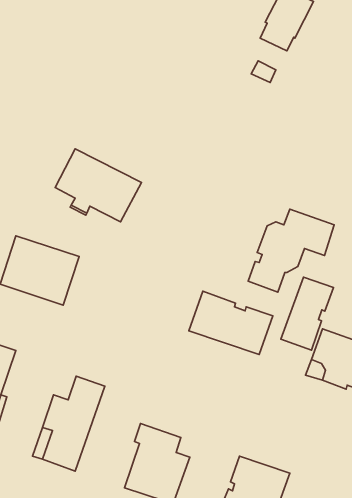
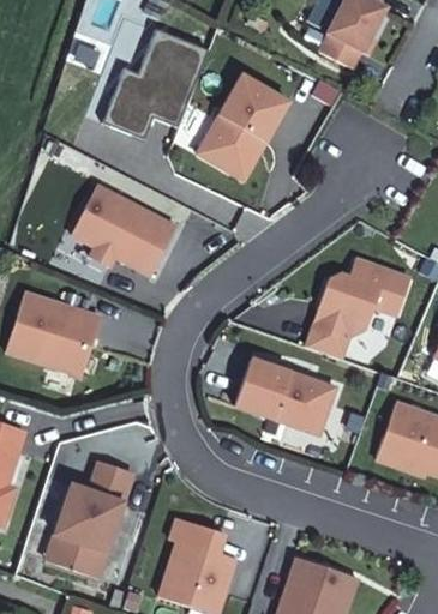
building: none -> [103,30,205,138]
building: none -> [198,73,292,179]
building: [281,277,333,350] -> none

